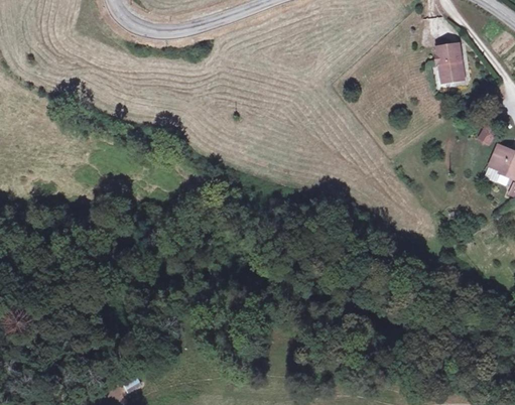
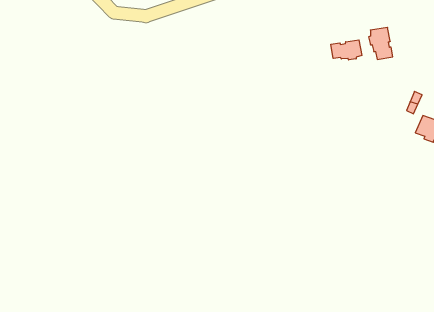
building: none -> [331,40,362,60]

